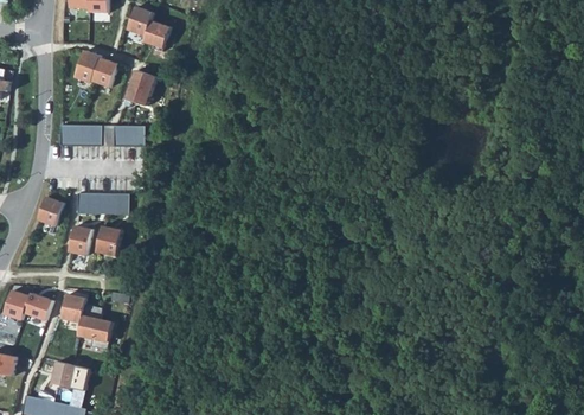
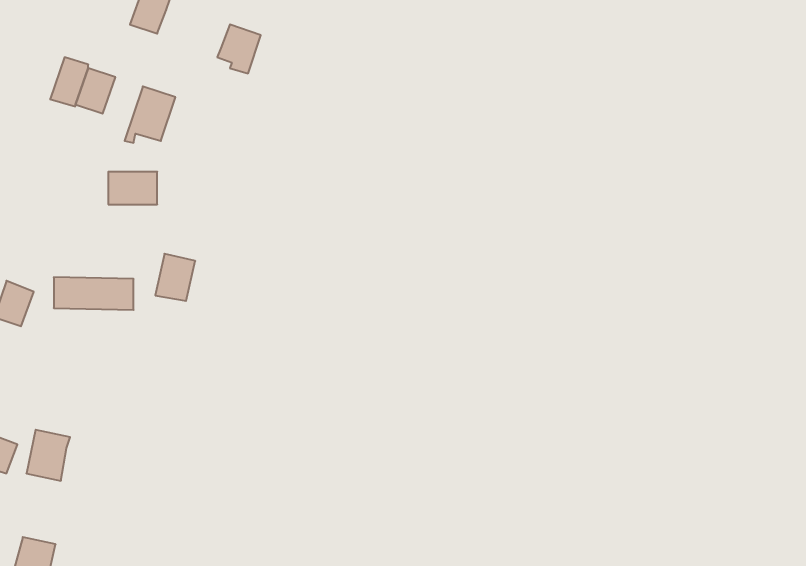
building: [141,19,169,51] -> [217,24,261,73]
building: [58,125,100,146] -> none
building: [68,225,91,256] -> none
building: [95,225,121,256] -> [155,254,195,301]
building: [77,305,111,351] -> none

